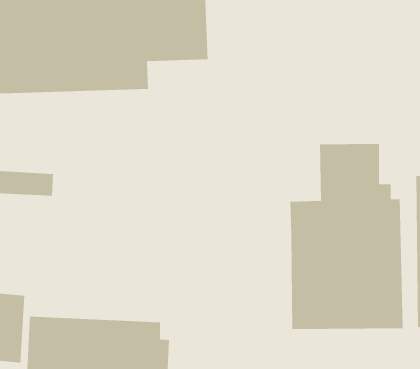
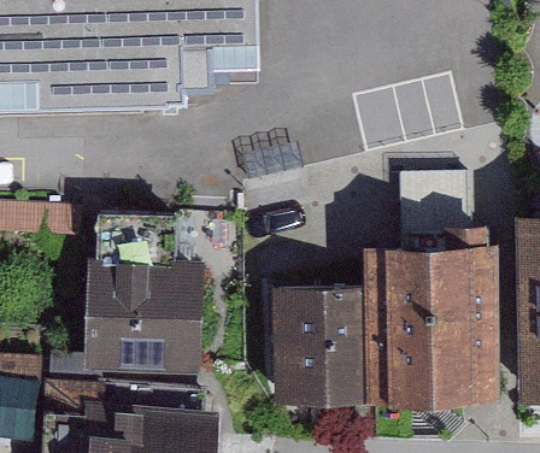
building: none -> [82,214,205,376]
building: none -> [271,287,364,405]

